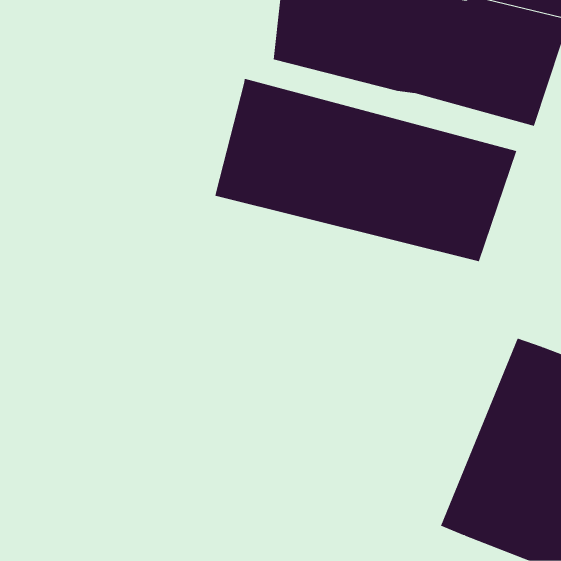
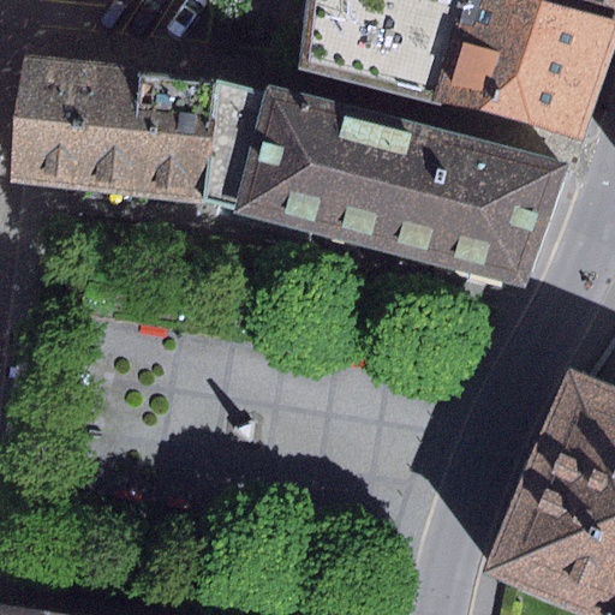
building: none -> [12,58,267,209]

